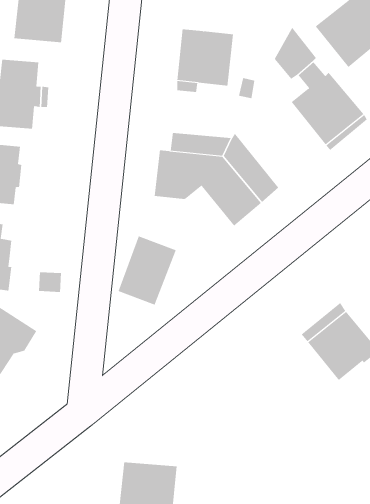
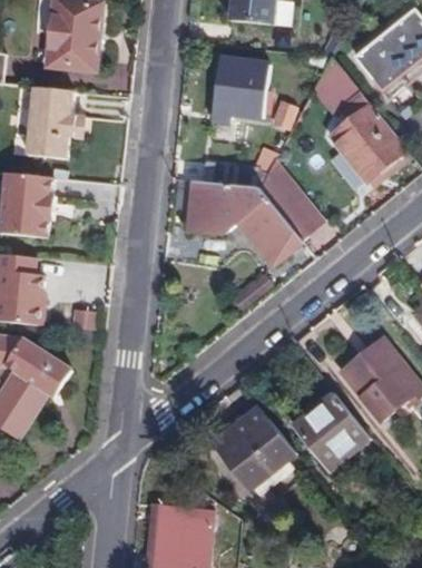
building: [118,235,177,305] -> none
building: none -> [291,392,367,468]
building: none -> [213,405,292,493]

